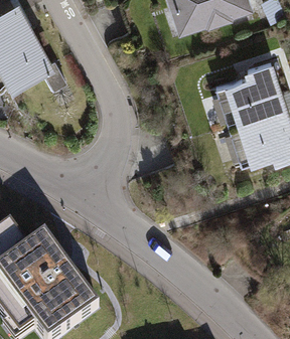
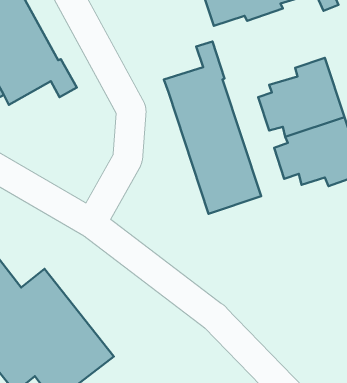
building: none -> [164,41,261,214]

